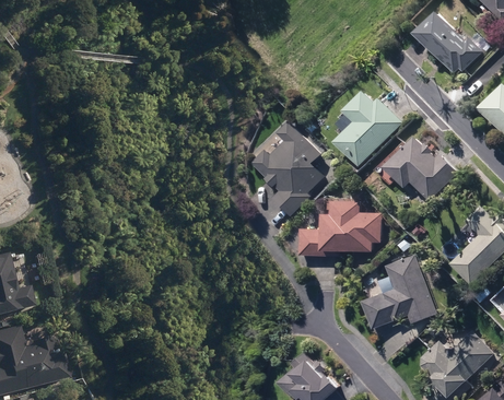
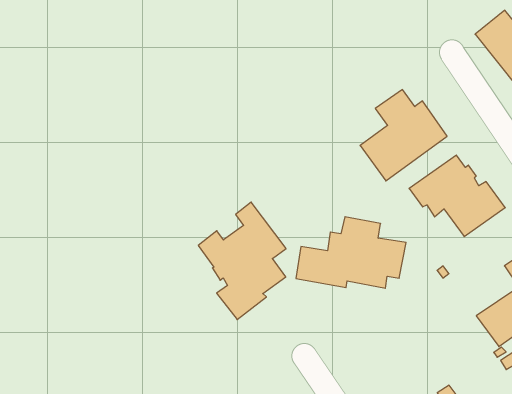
building: [250,120,325,216] -> [198,202,286,320]
building: [362,255,437,328] -> none

